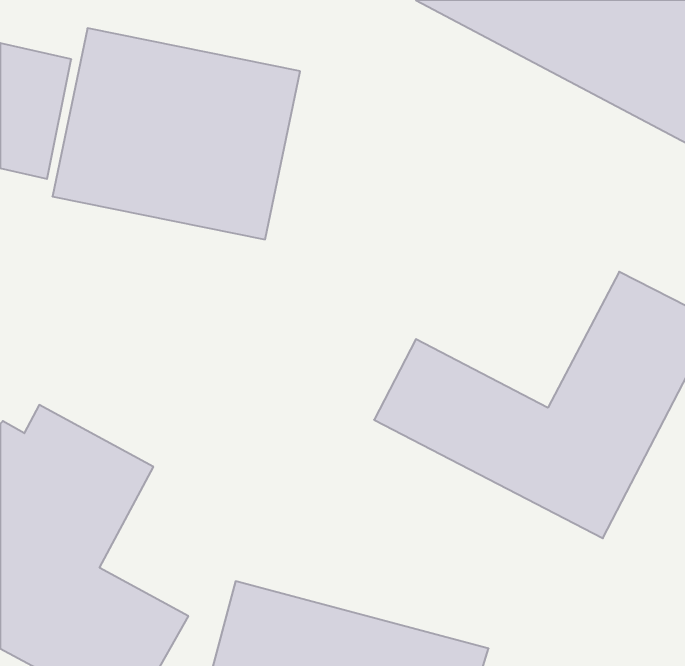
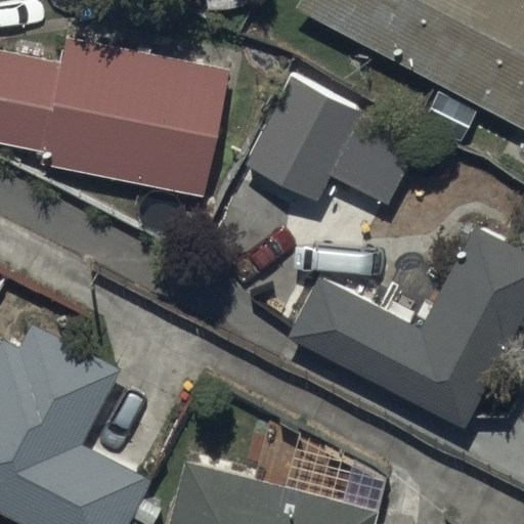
building: none -> [242,72,419,203]

